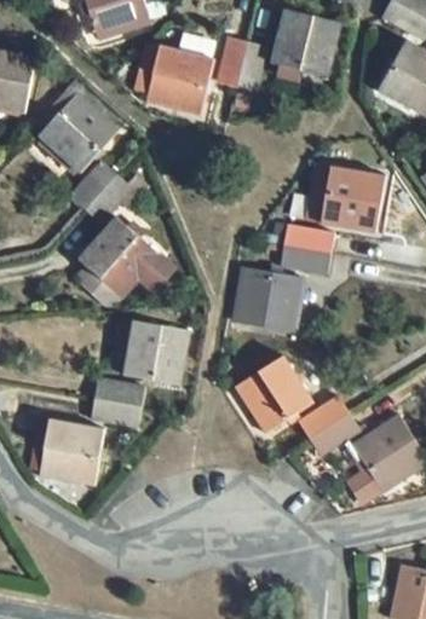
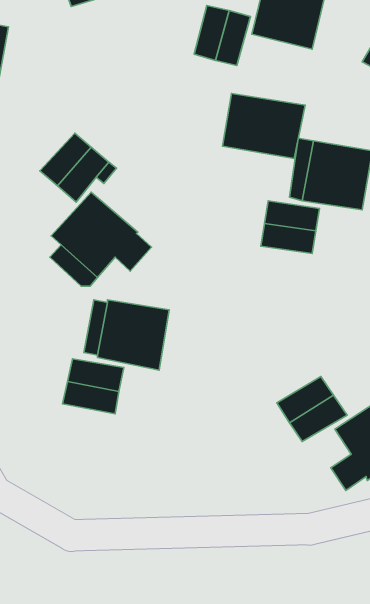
building: [144,45,215,116] -> none
building: [36,91,120,173] -> none
building: none -> [222,93,305,158]
building: [232,266,301,332] -> none
building: [232,355,312,434] -> none
building: [36,418,104,485] -> none

